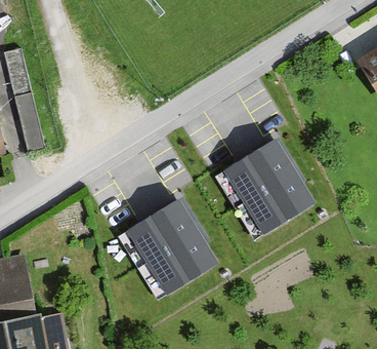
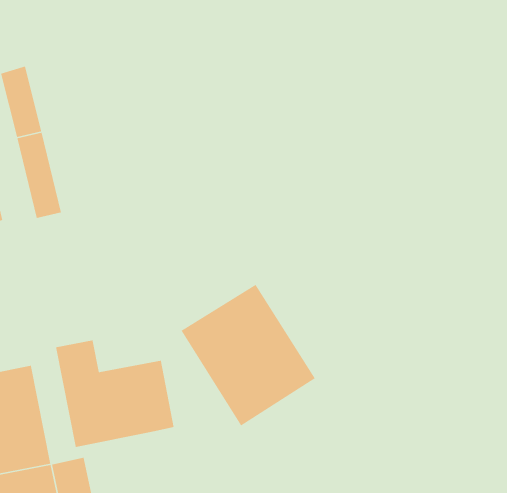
building: [223,139,315,234] -> none
building: none -> [55,339,174,448]

